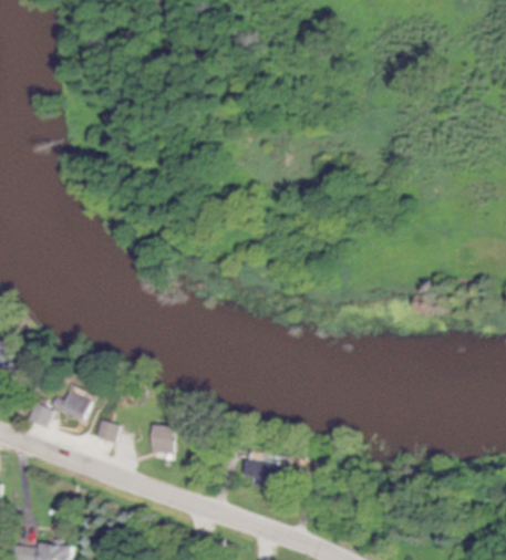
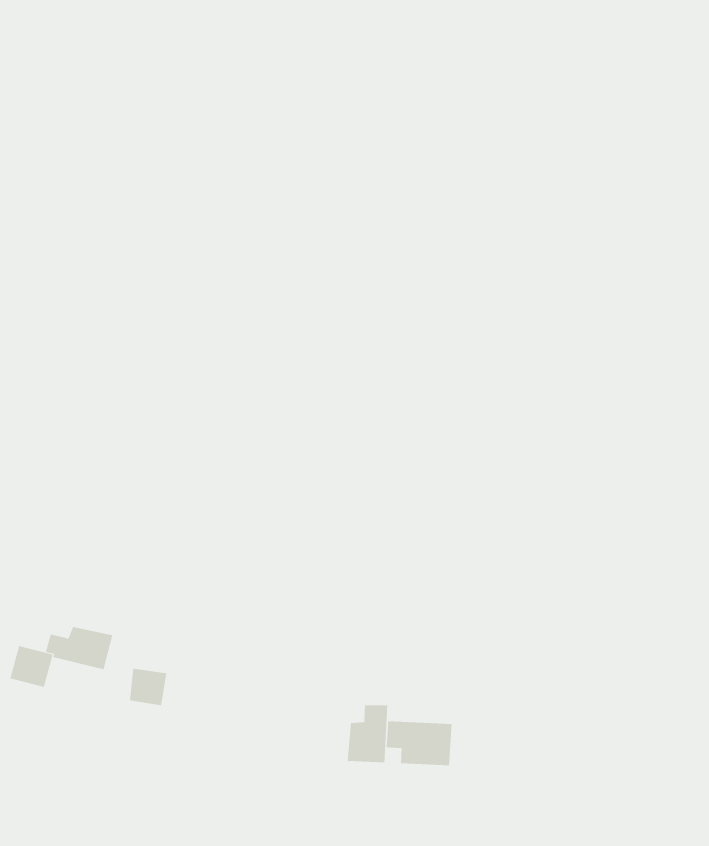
building: [148,425,173,453] -> none
building: none -> [347,704,388,763]

